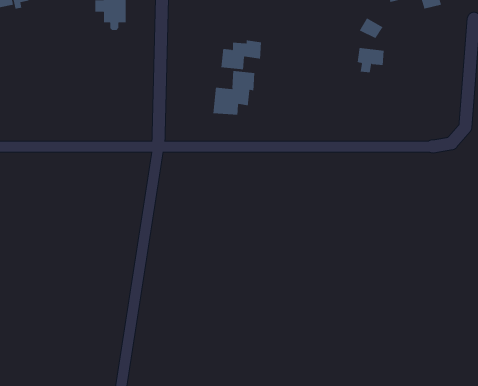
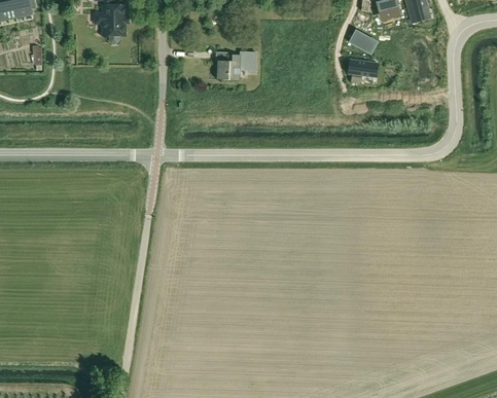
building: [213,70,255,116] -> none

